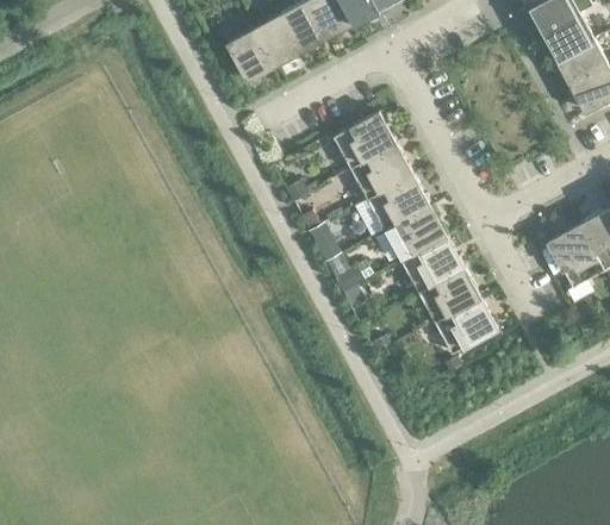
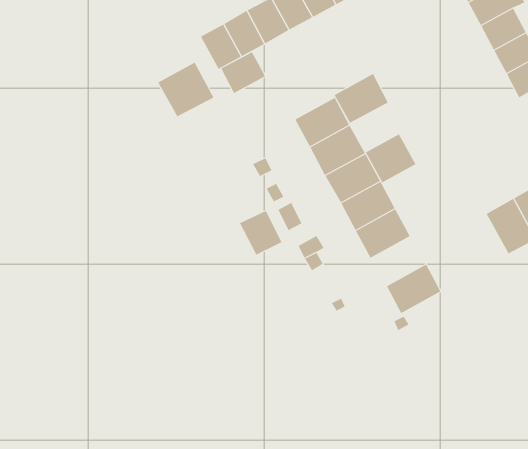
building: none -> [221,51,266,94]
building: none -> [157,62,214,117]
building: none -> [334,73,389,124]
building: none -> [365,134,416,183]
building: none -> [239,210,282,255]
building: [418,268,481,324] -> none

